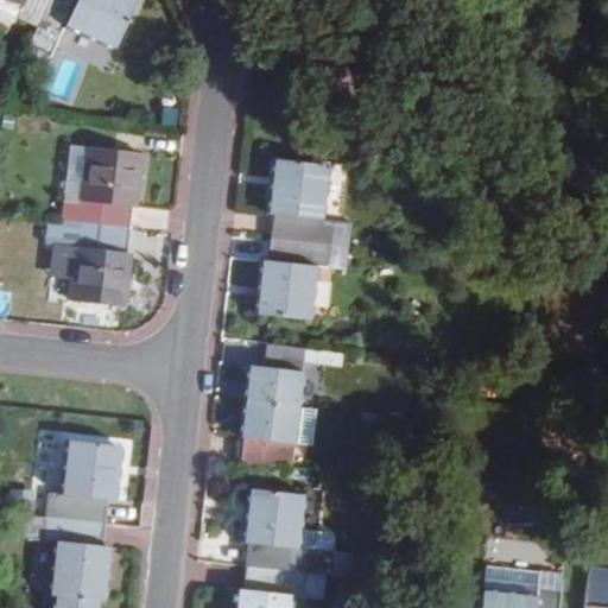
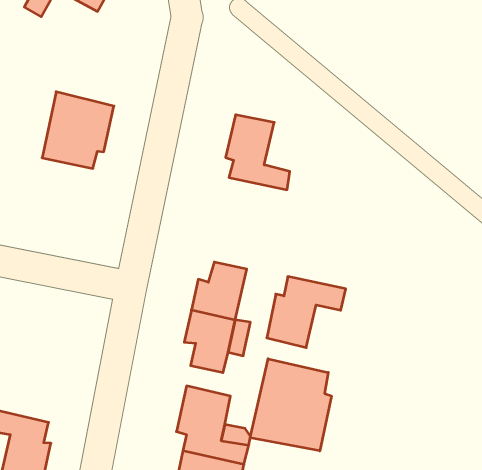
building: [61,230,127,316] -> none
building: [262,234,348,314] -> [267,277,346,348]
building: none -> [250,359,331,451]
building: [49,449,118,533] -> none

